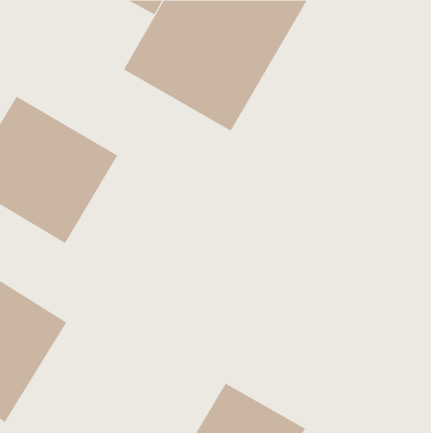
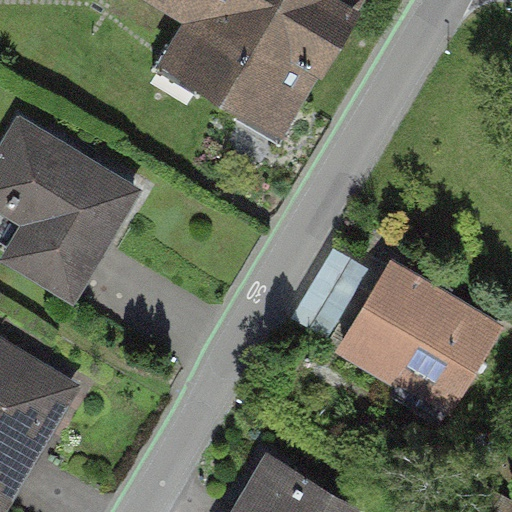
building: none -> [336,263,502,420]

